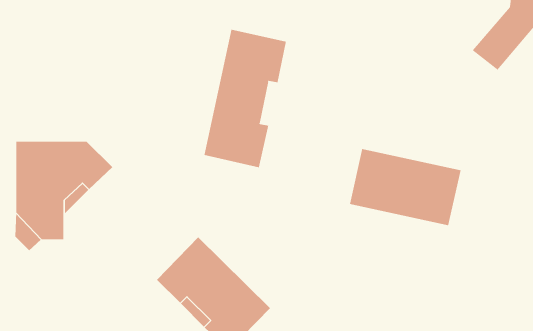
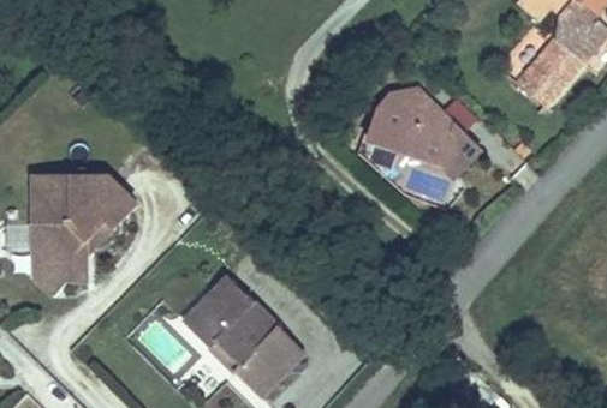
building: [204,29,286,168] -> none
building: [349,149,461,226] -> [362,94,481,175]

